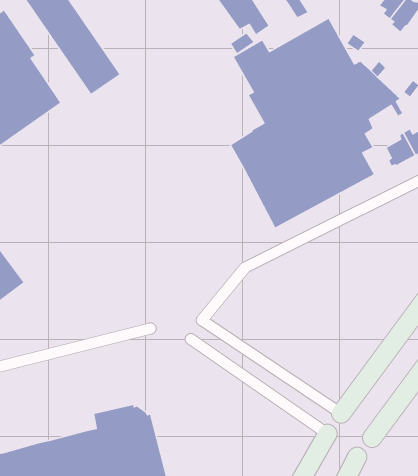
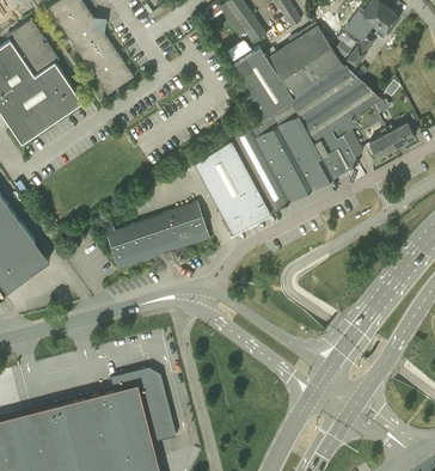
building: none -> [344,26,376,68]
building: none -> [192,140,270,236]
building: none -> [105,203,209,270]

